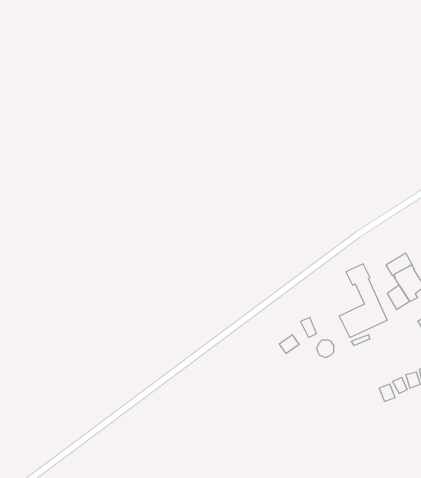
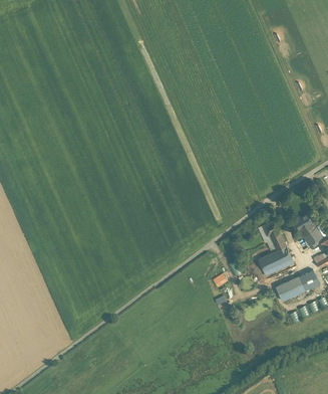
building: none -> [275,276,305,301]

